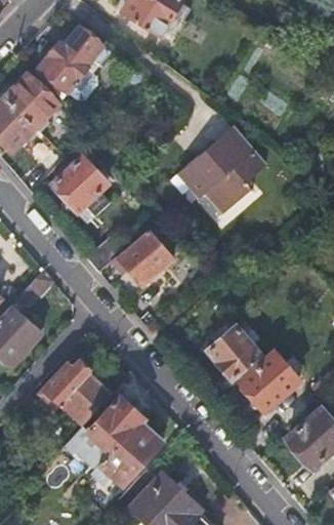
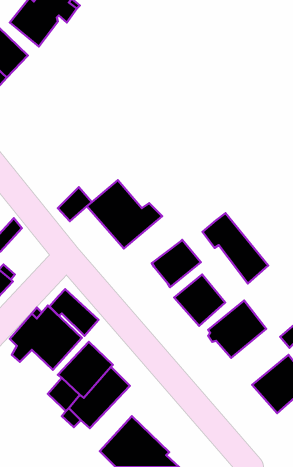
building: [181,131,265,211] -> none
building: [55,158,113,218] -> none
building: none -> [203,213,268,283]
building: none -> [152,240,201,287]
building: none -> [50,289,99,336]

